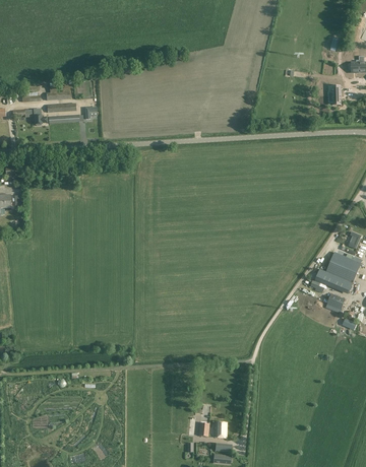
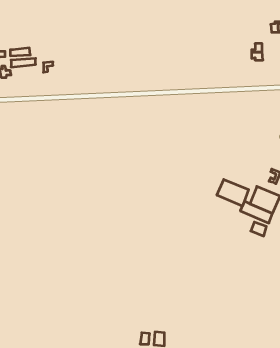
building: none -> [217,179,249,206]

